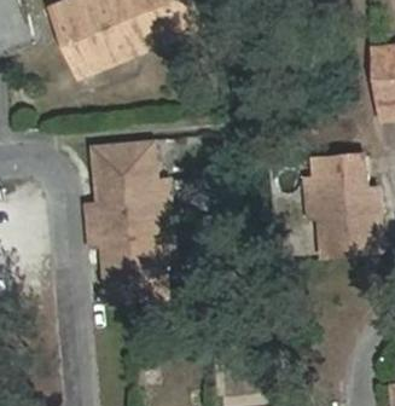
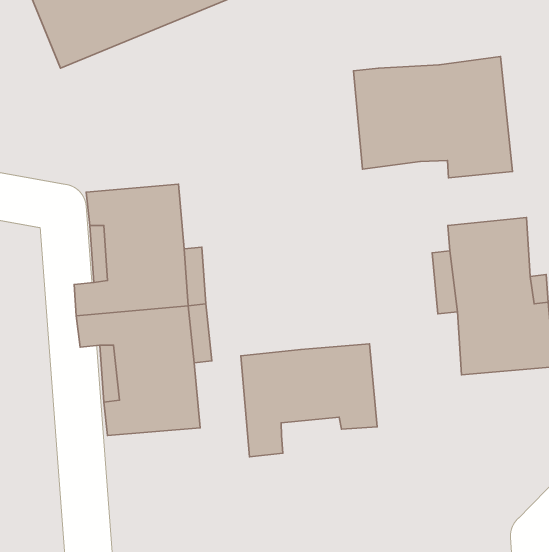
building: none -> [354,56,512,178]
building: none -> [241,344,377,457]

